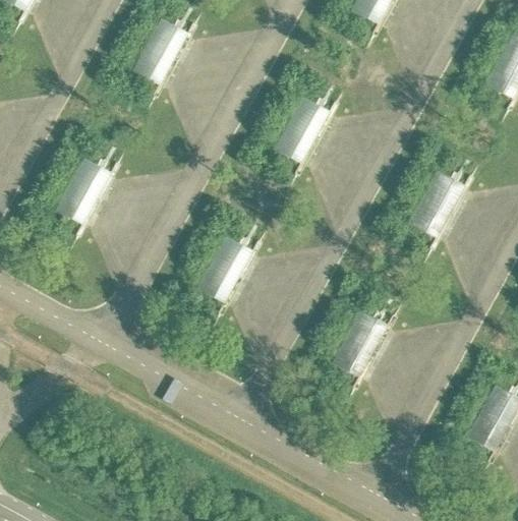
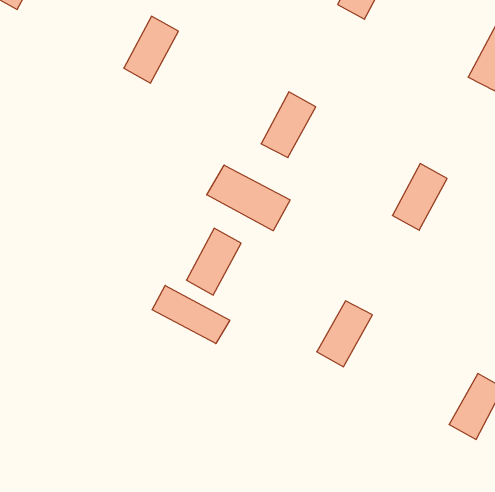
building: [54,157,110,225] -> none
building: none -> [207,165,290,231]
building: none -> [152,285,230,344]

